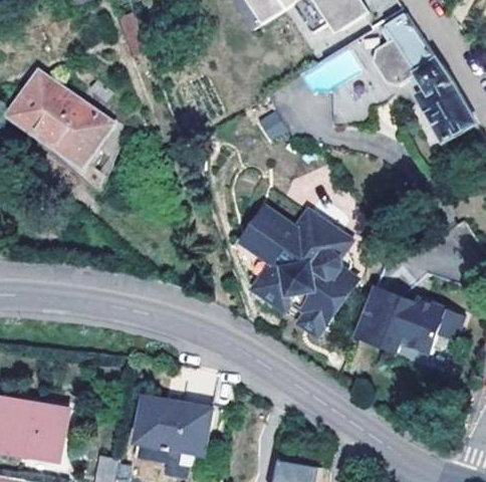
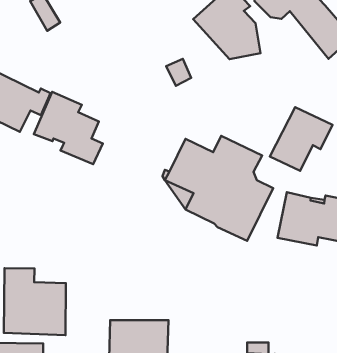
building: none -> [34,92,103,164]
building: none -> [270,107,332,171]
building: none -> [4,268,66,335]

